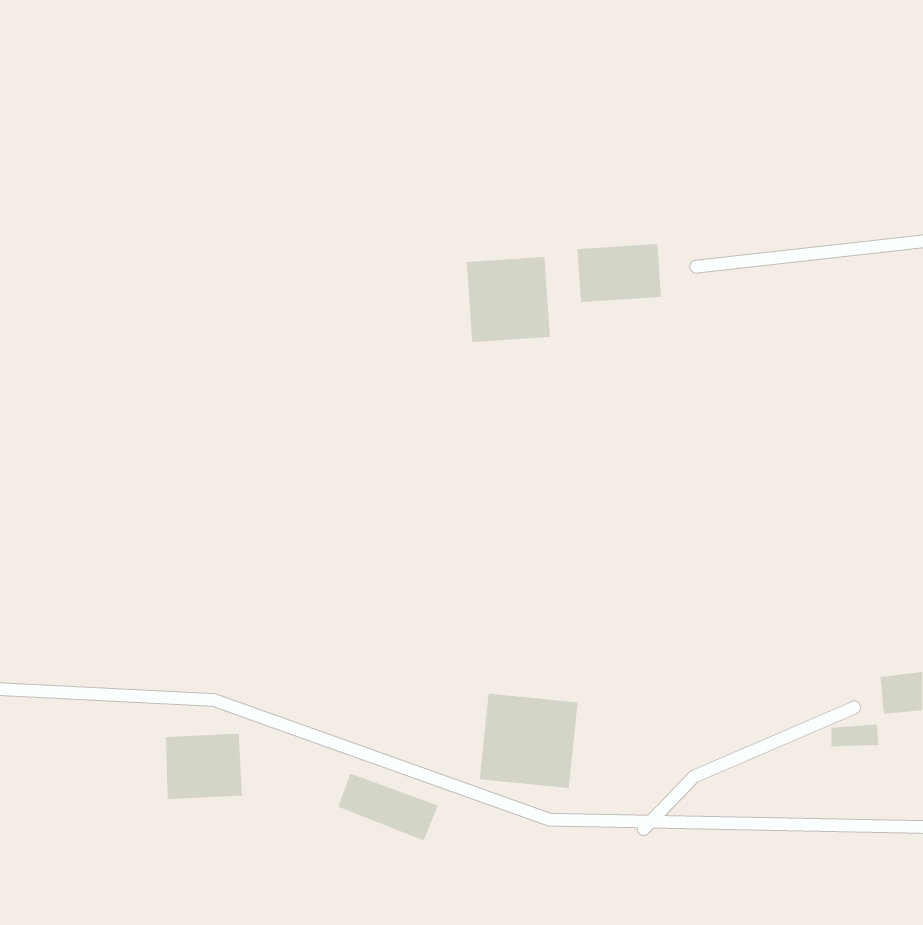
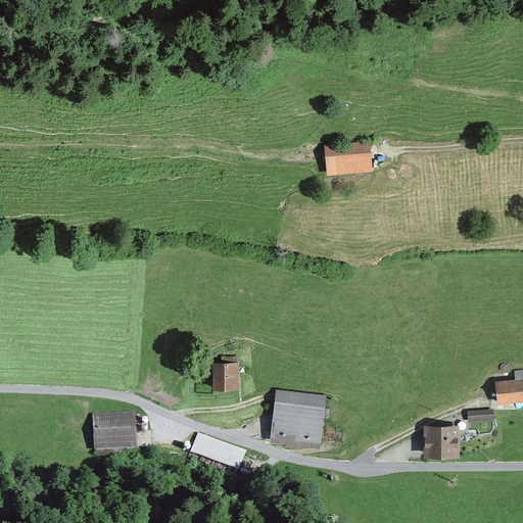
building: [466,256,551,343] -> none
building: none -> [211,364,238,390]
building: none -> [424,425,459,458]

